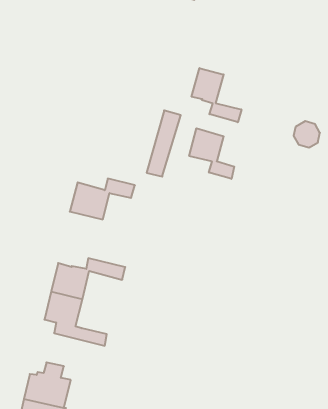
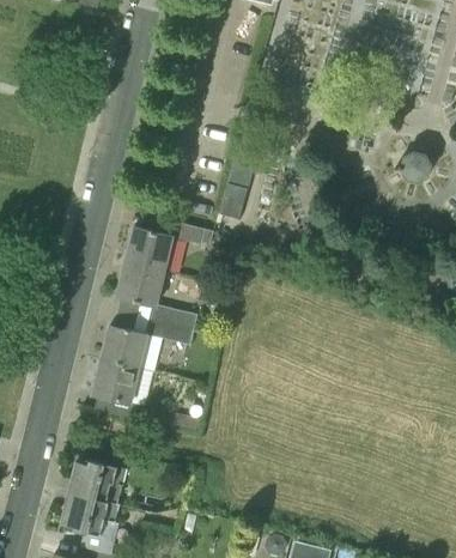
building: [192,68,241,122] -> none
building: [189,128,234,179] -> none
building: none -> [114,266,195,334]

